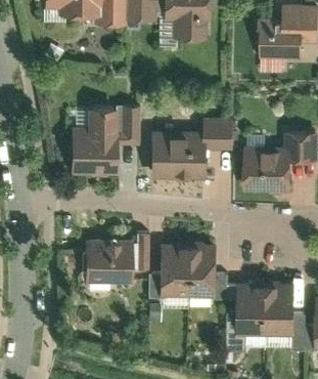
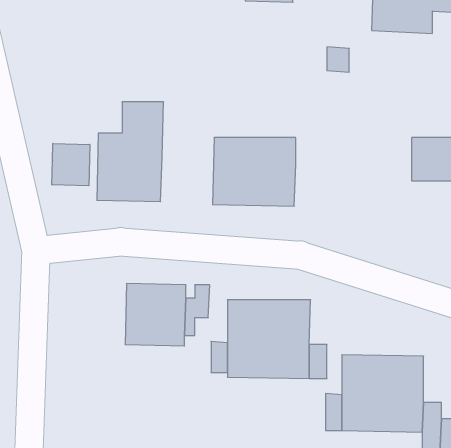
building: [115,108,138,145] -> none
building: [203,117,232,152] -> none
building: none -> [52,143,90,186]
building: [241,149,286,193] -> none

